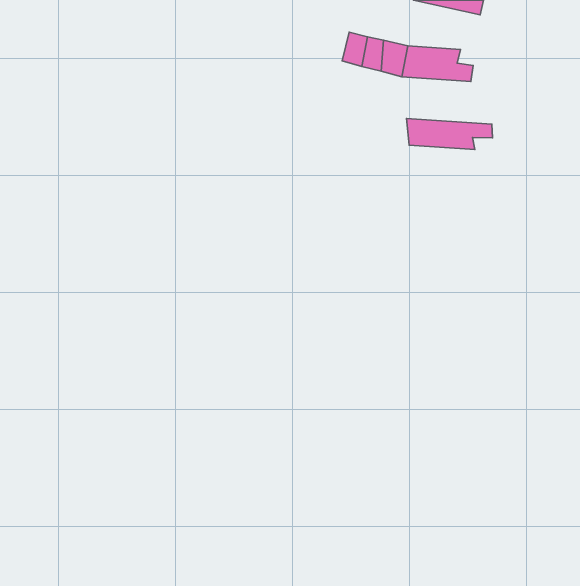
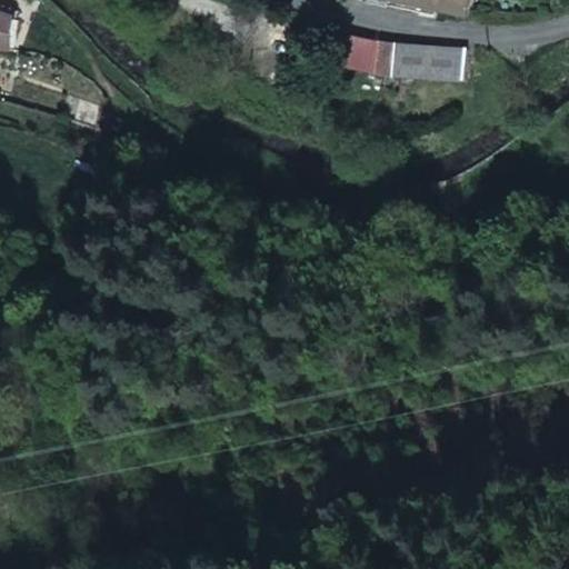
building: [406,119,493,150] -> none

